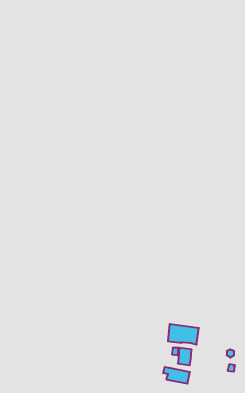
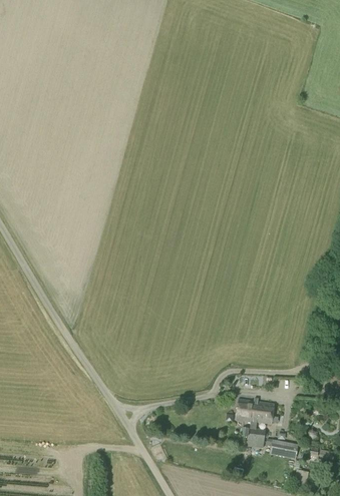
building: [163,367,190,384] -> [265,438,298,458]

